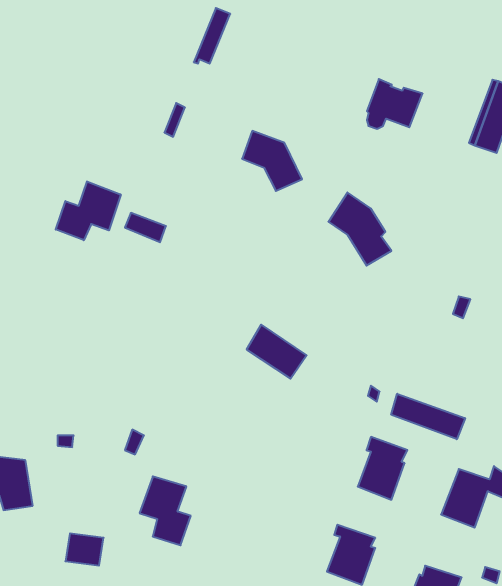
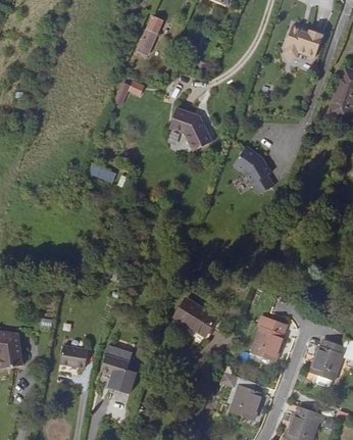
building: [367,79,423,129] -> [286,20,324,55]
building: [56,181,121,240] -> none
building: [247,325,307,379] -> [172,299,214,337]
building: [391,394,465,439] -> none
building: [65,533,104,566] -> [59,345,86,368]

